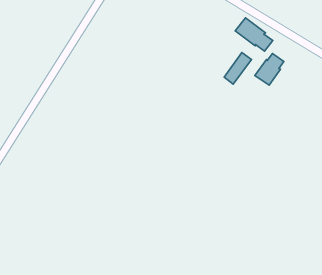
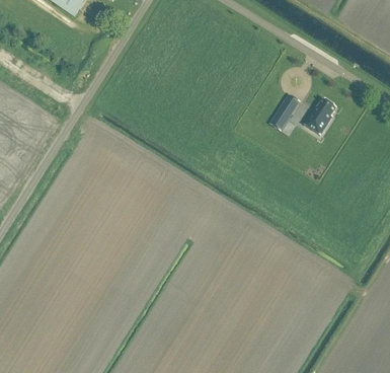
building: [235,18,273,51] -> none

